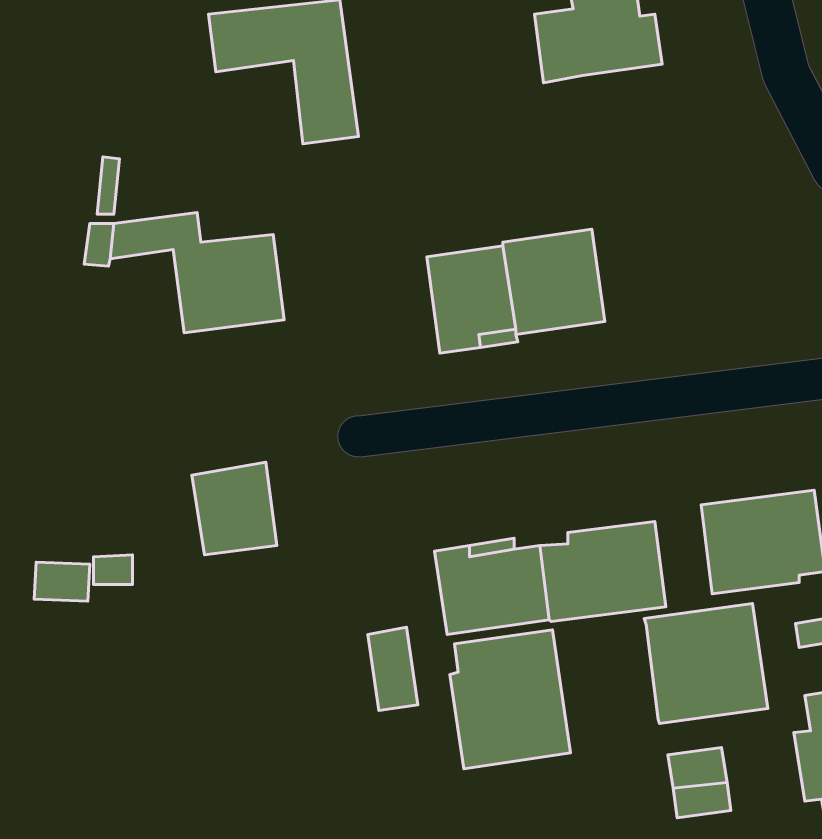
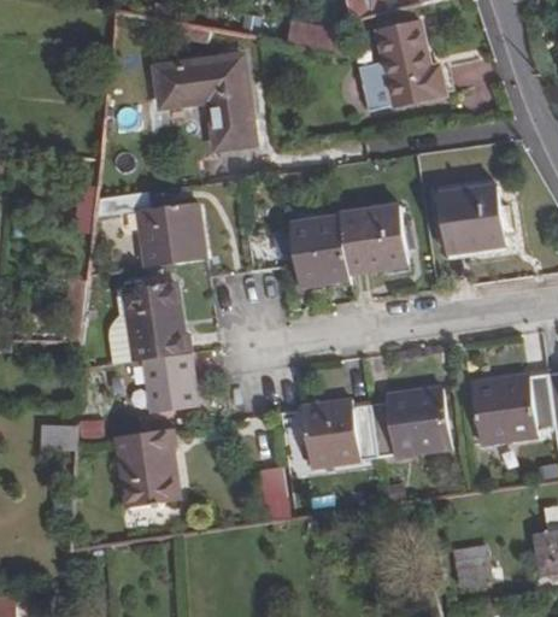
building: none -> [439,188,509,255]
building: none -> [110,284,192,368]
building: none -> [119,430,178,512]
building: [644,604,768,724] -> none
building: [450,630,571,769] -> none

